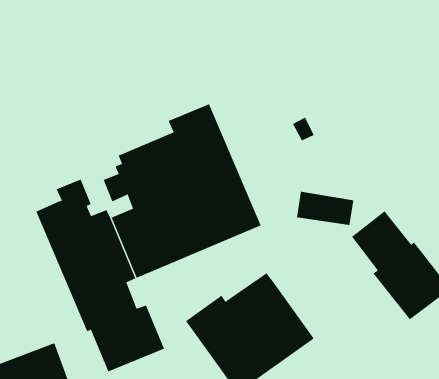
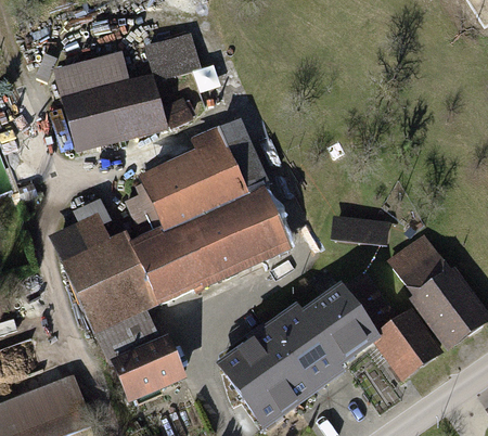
building: none -> [54,31,200,152]
building: none -> [305,271,441,381]

